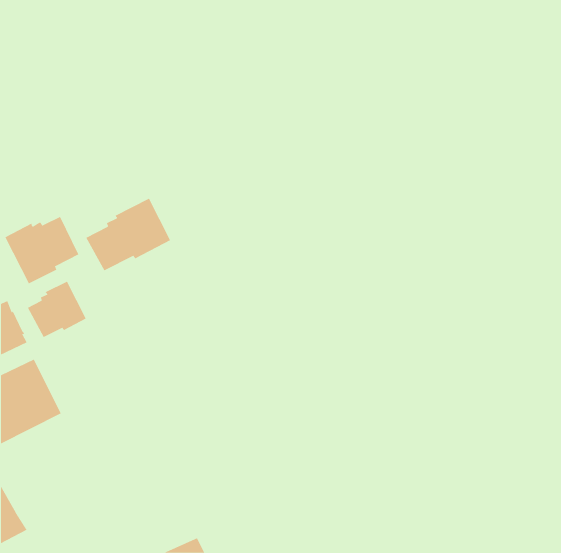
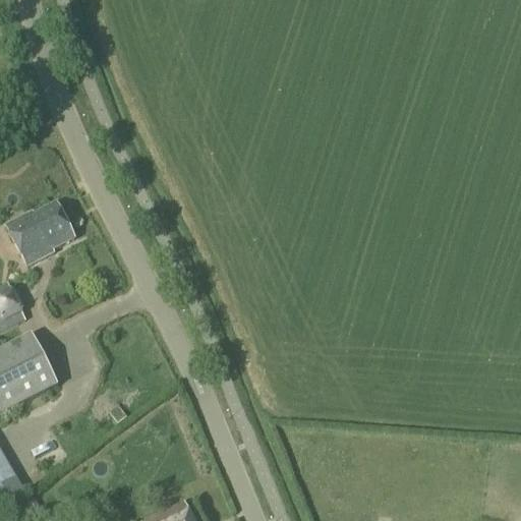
building: [86,198,171,271] -> none
building: [27,281,87,338] -> none

